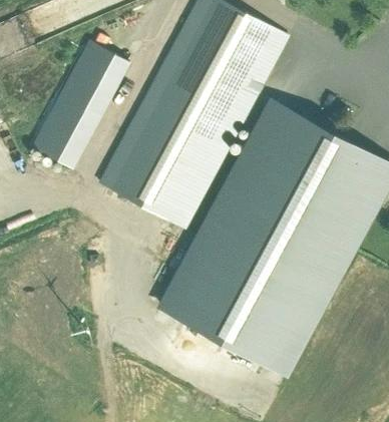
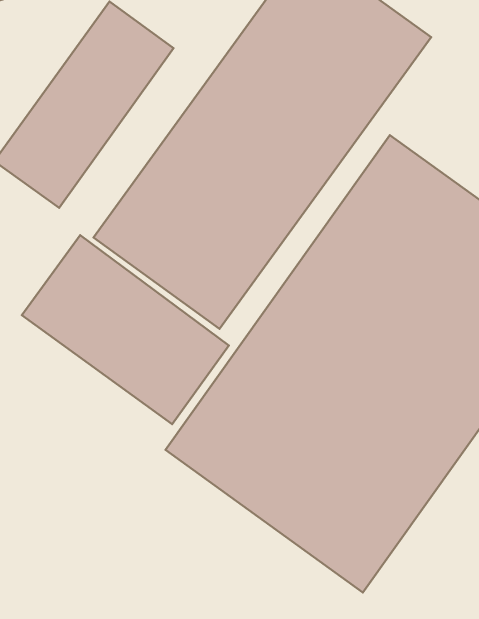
building: none -> [22,235,229,424]

